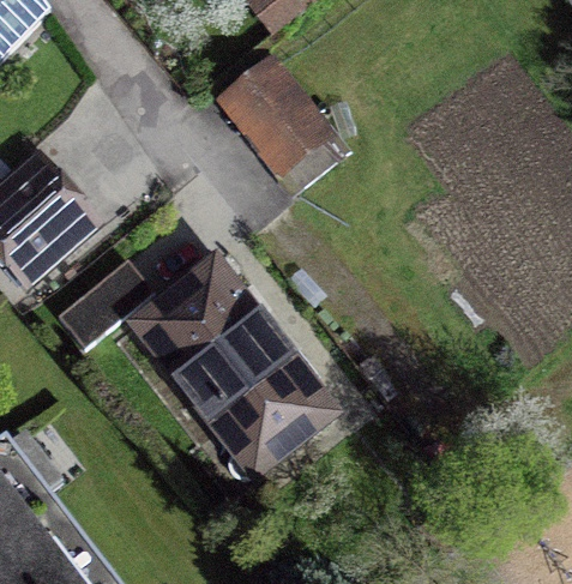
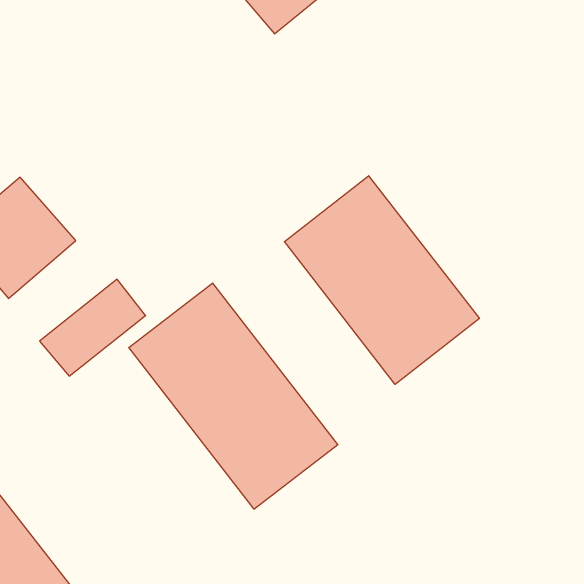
building: [224,68,323,171] -> none
building: none -> [284,176,479,384]

